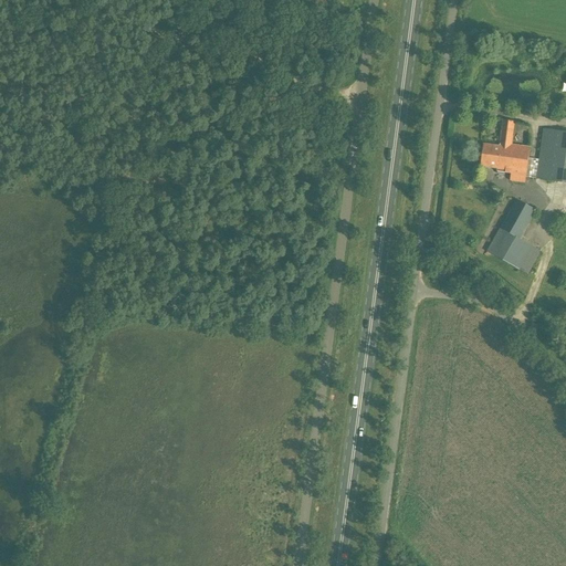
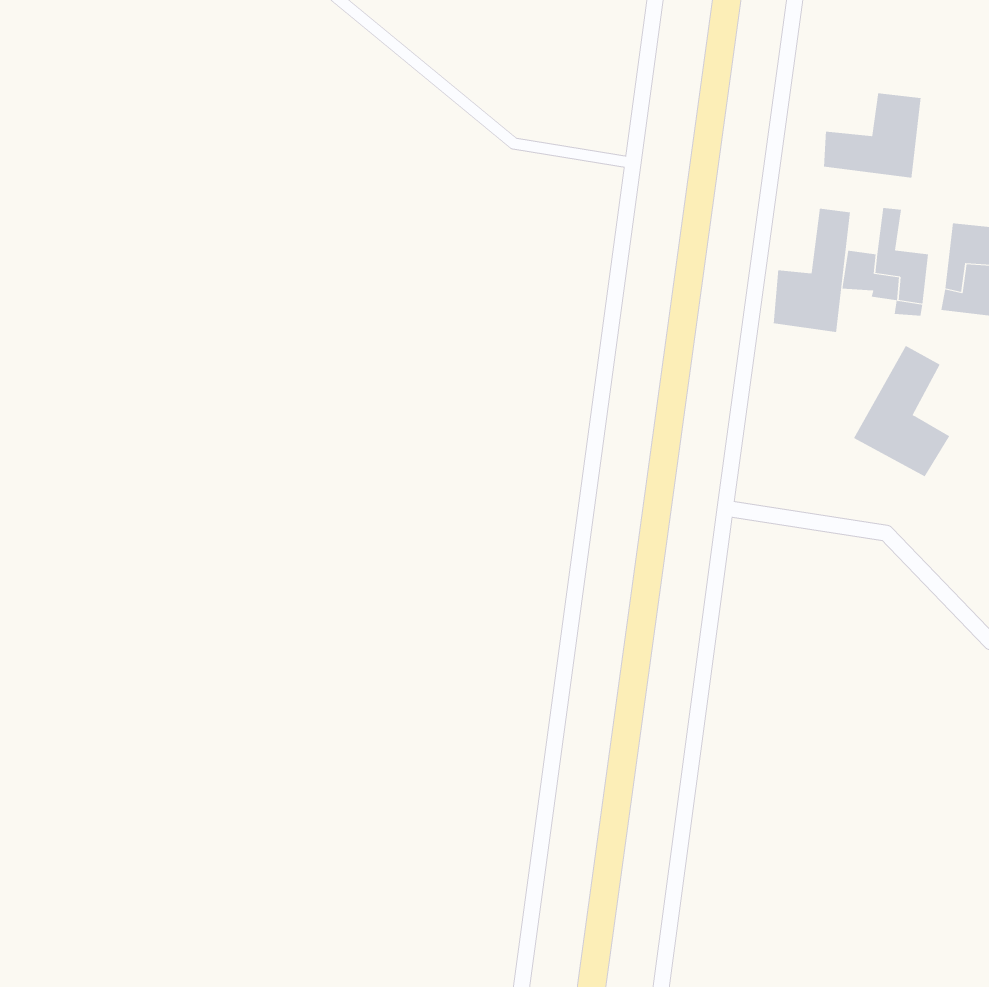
building: none -> [823,92,921,178]
building: none -> [773,208,851,333]

